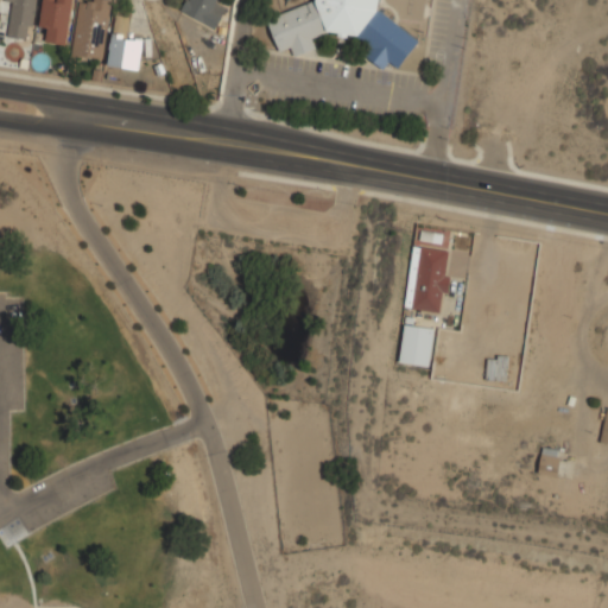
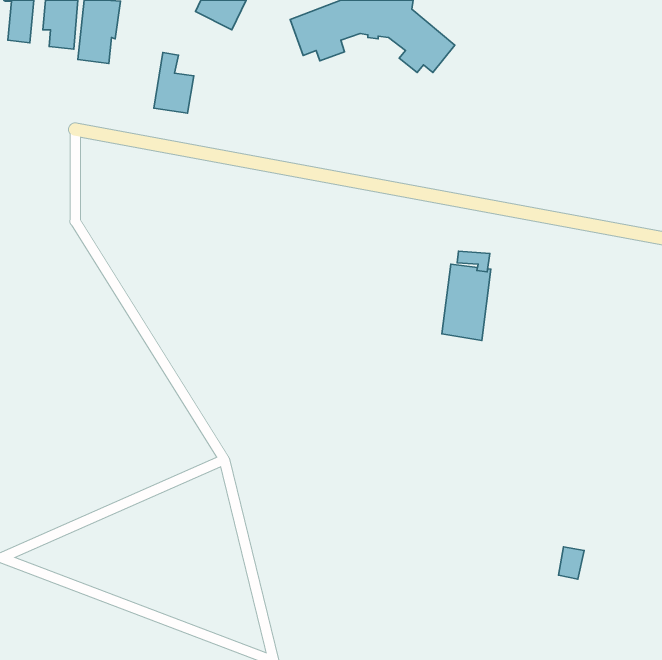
building: [107,15,144,71] -> [154,52,194,113]
building: [399,324,435,367] -> none
building: [538,446,562,476] -> [558,547,584,579]

